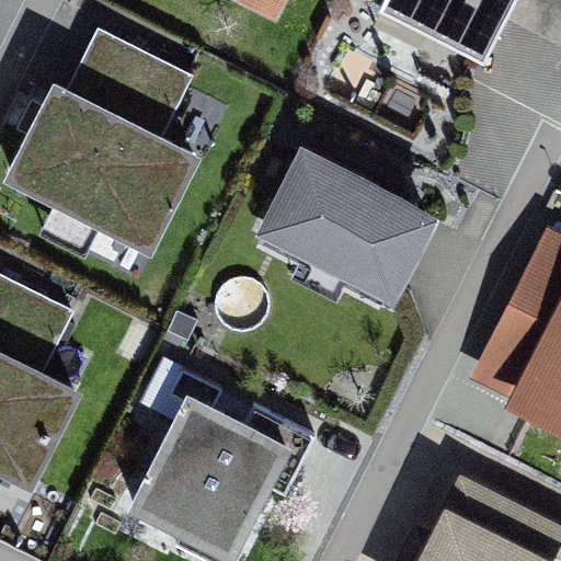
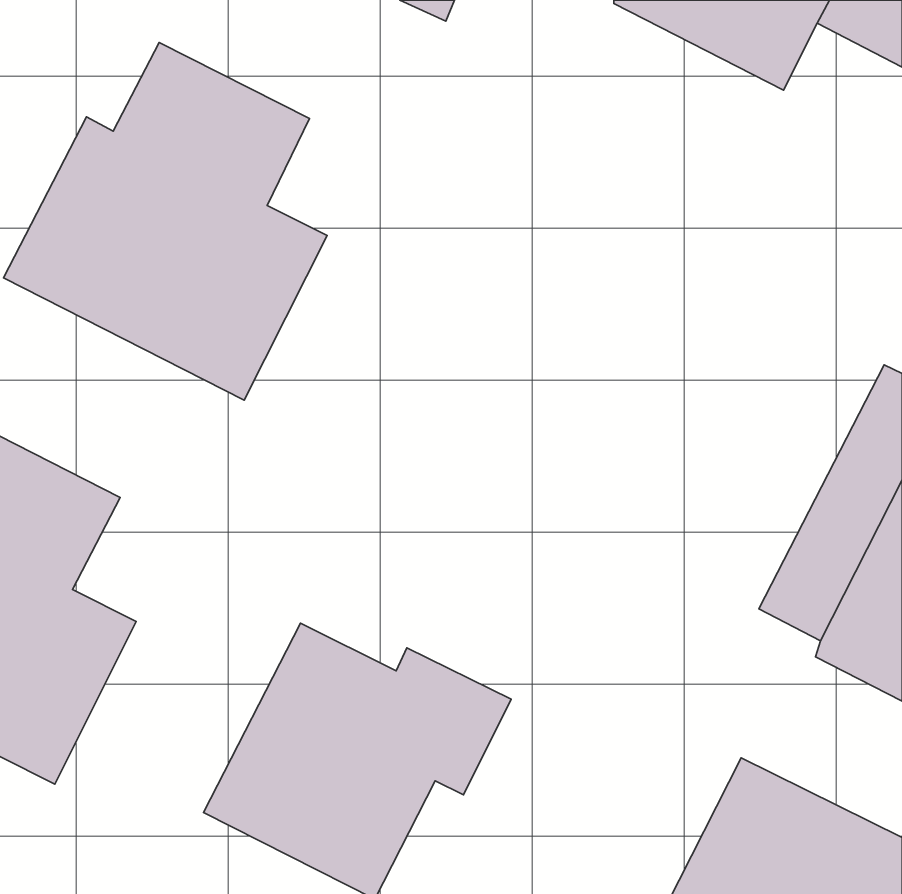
building: [254,146,440,308] -> none

